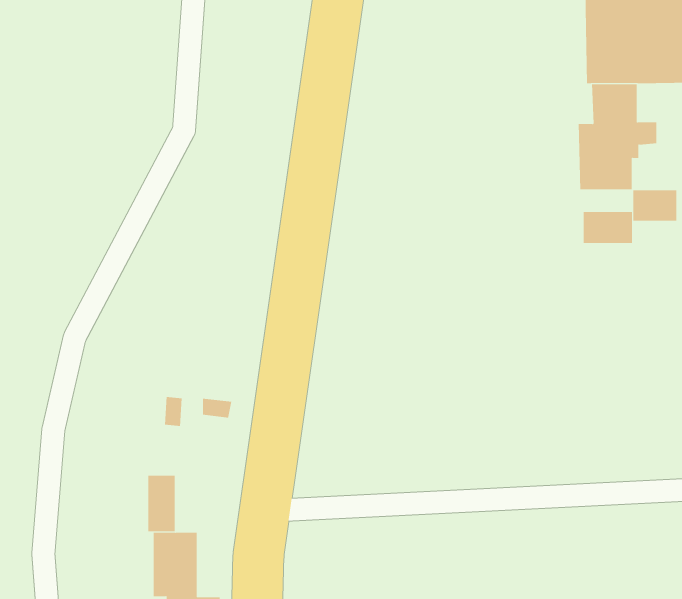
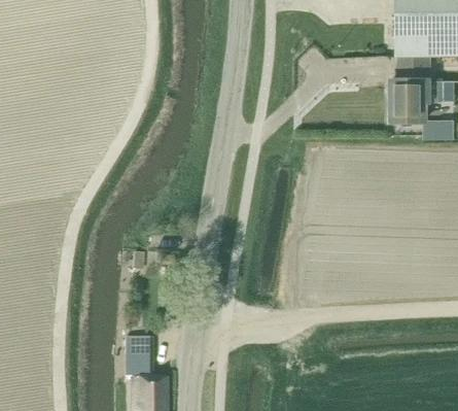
building: [583,211,632,244] -> none
building: [148,475,175,532] -> none

